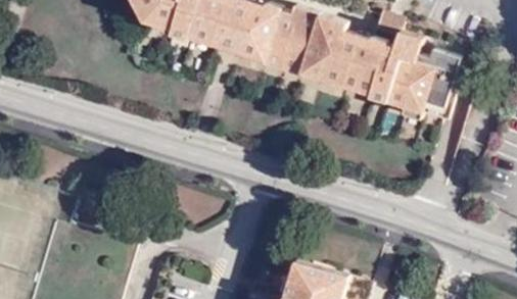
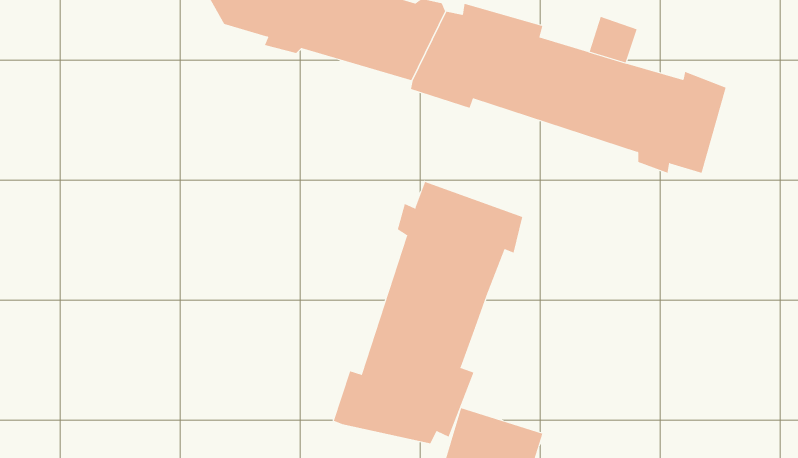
building: none -> [333,181,523,444]

